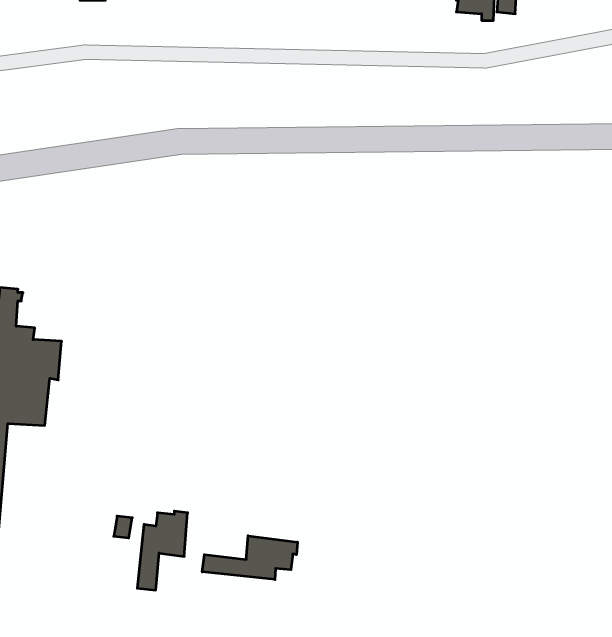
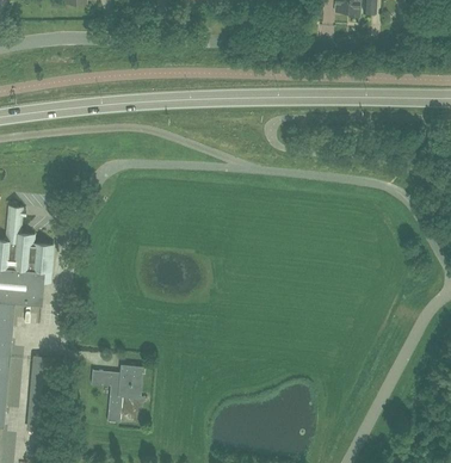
building: [202,536,297,580] -> none

